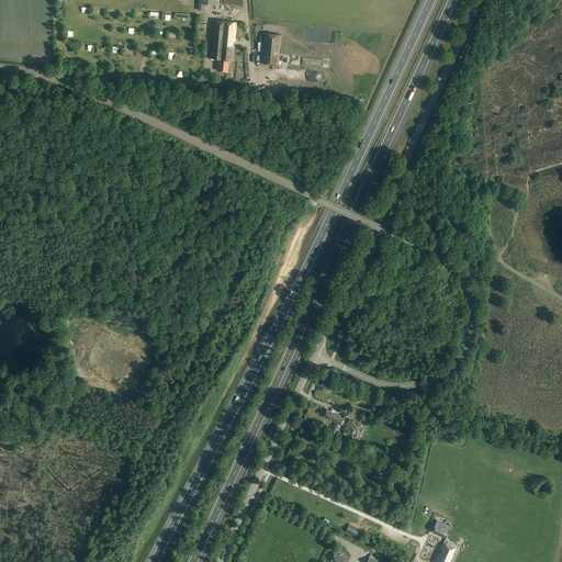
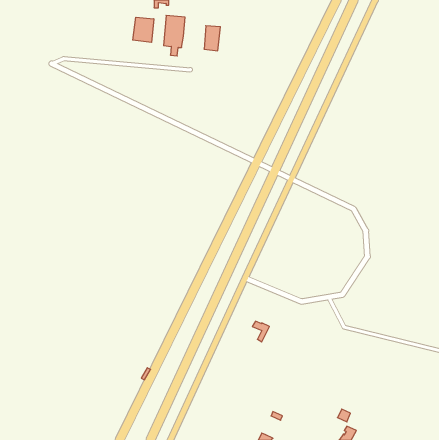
building: none -> [133,17,154,42]

